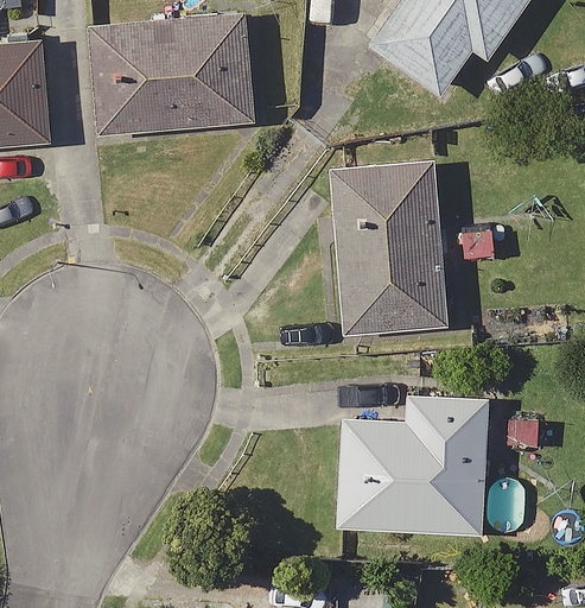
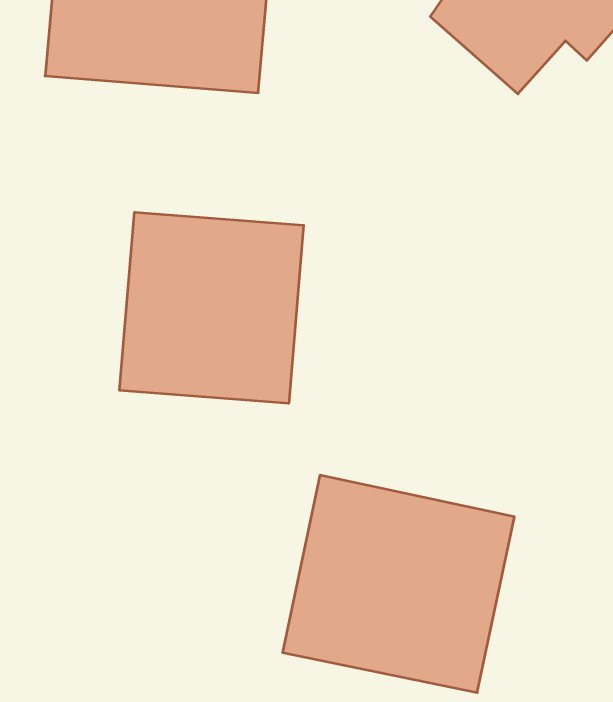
building: [330,159,447,335] -> none
building: none -> [120,212,304,403]

